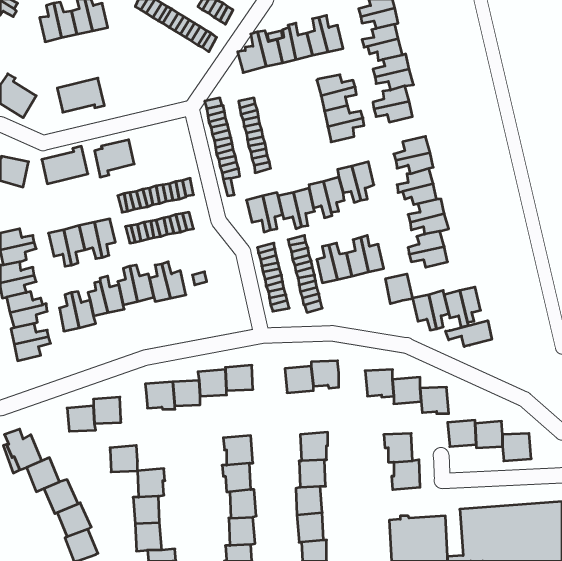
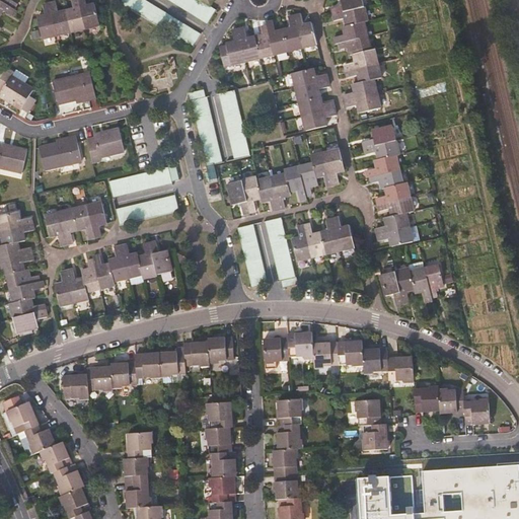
building: [386,274,413,304] -> none
building: [446,321,492,347] -> none
building: none -> [312,342,339,366]
building: [110,445,138,472] -> [110,362,136,386]

